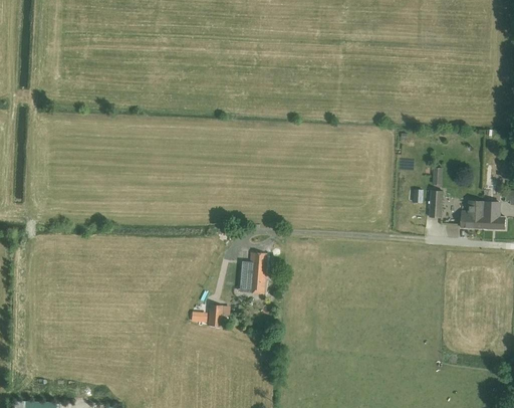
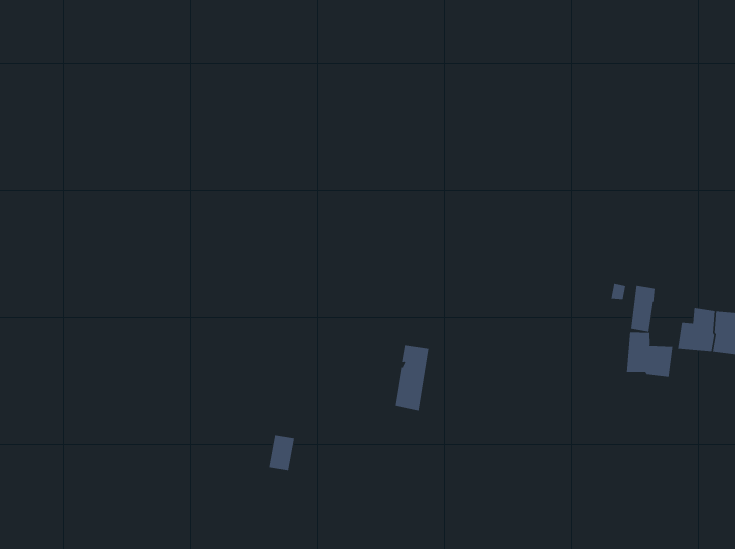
building: none -> [626,332,673,378]
building: [247,251,266,292] -> [395,345,429,411]

